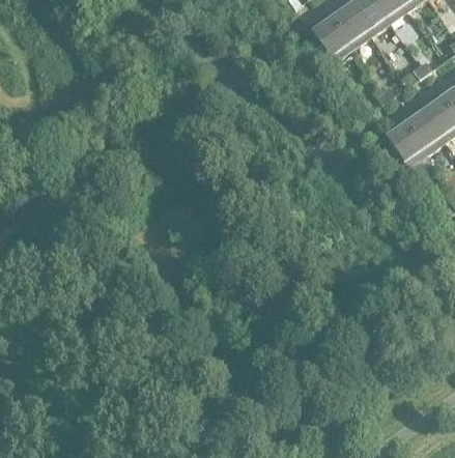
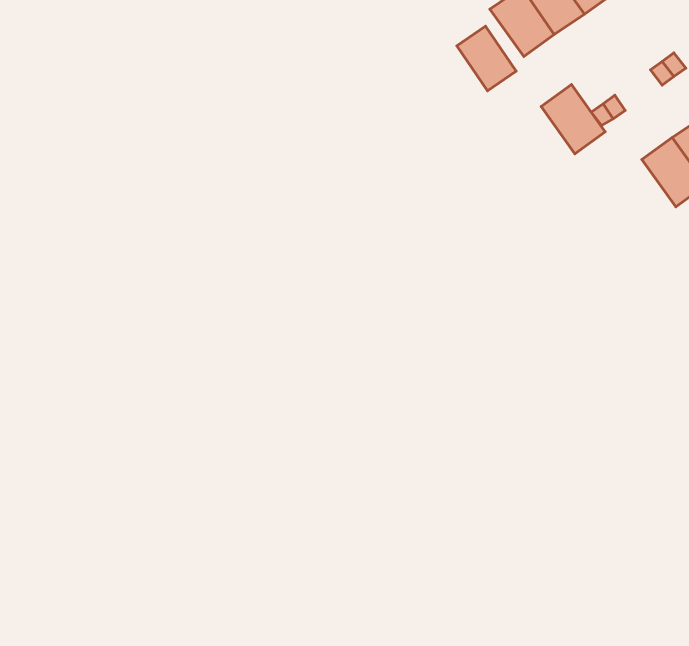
building: none -> [457,26,516,91]
building: [388,119,427,162] -> [541,84,605,154]

